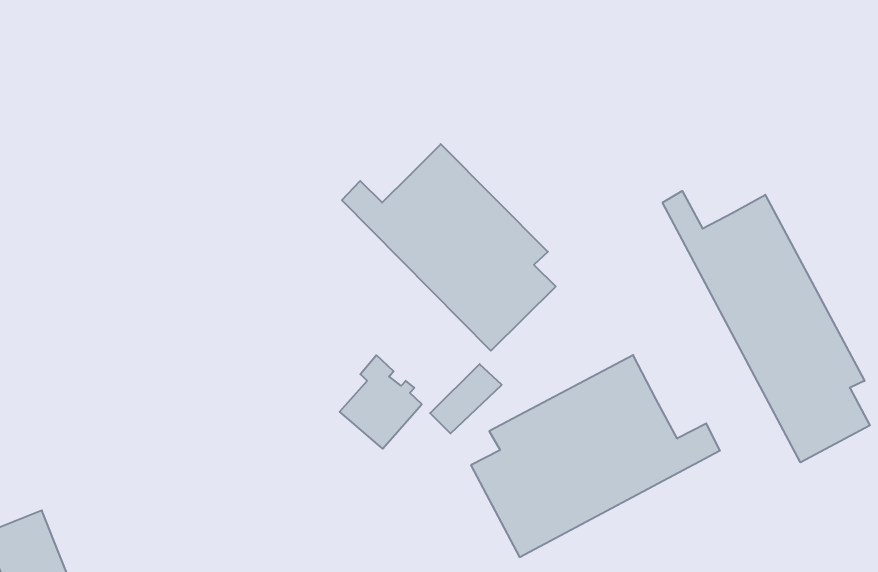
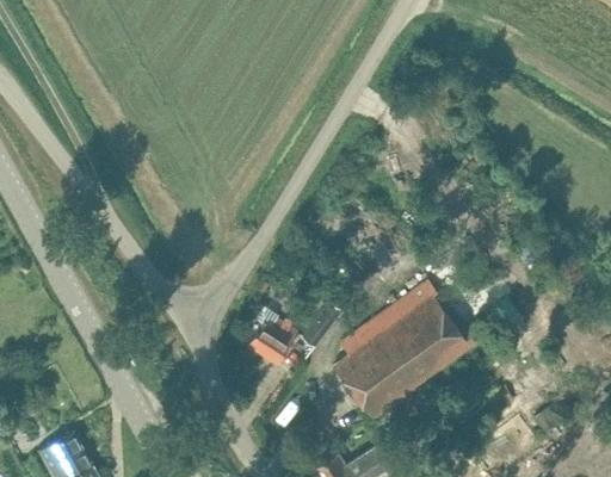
building: [342,144,556,351] -> none
building: [663,191,870,462] -> none

